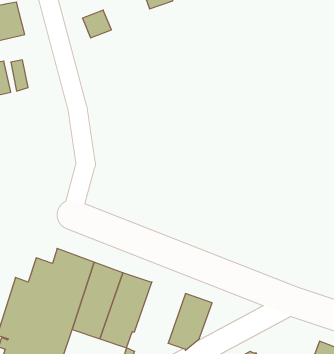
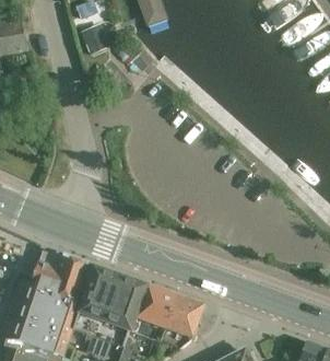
building: none -> [131,282,179,340]

